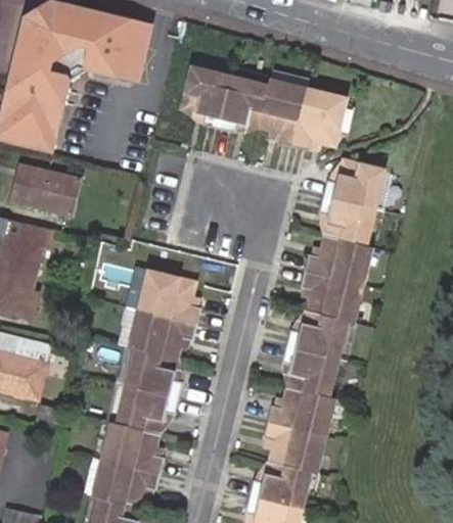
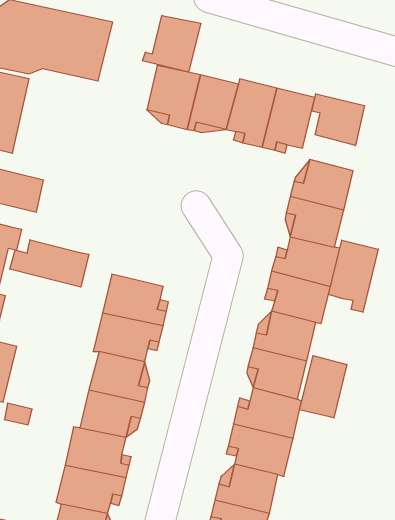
building: none -> [143,15,201,72]
building: none -> [312,94,364,146]
building: none -> [10,240,89,287]
building: none -> [329,240,378,312]
building: none -> [300,356,347,418]

